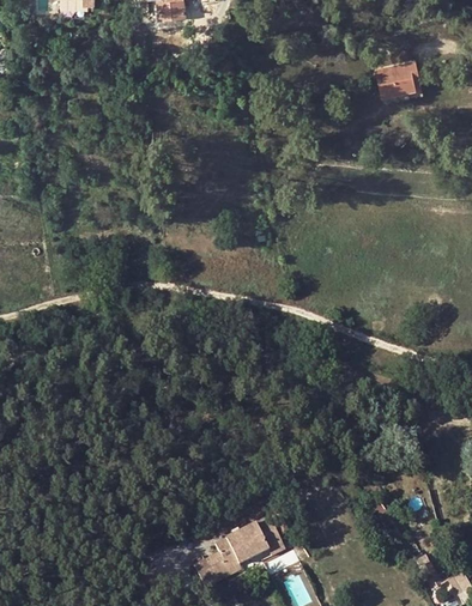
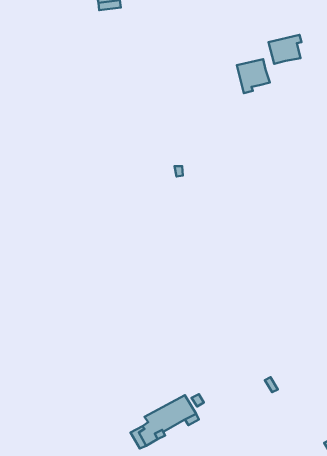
building: none -> [237,59,270,93]

